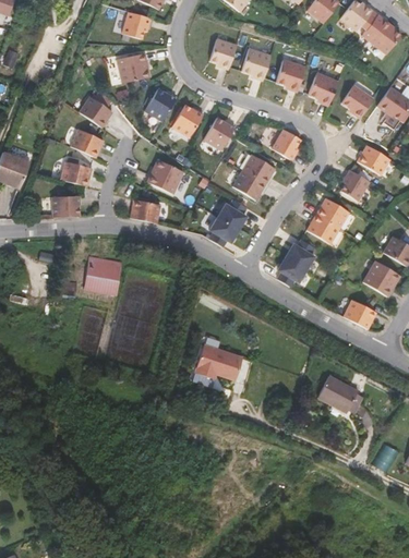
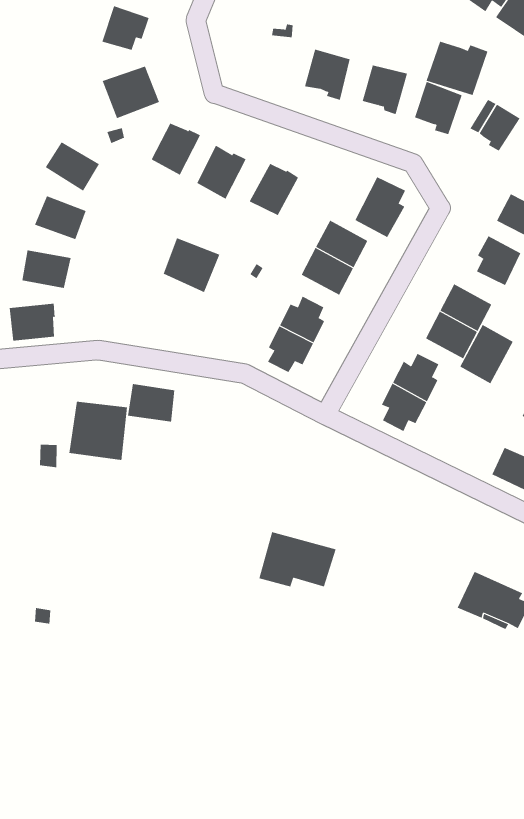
building: [210,38,237,69] -> none
building: none -> [426,41,488,96]
building: [131,198,161,223] -> [127,384,175,422]
building: none -> [459,324,514,384]

